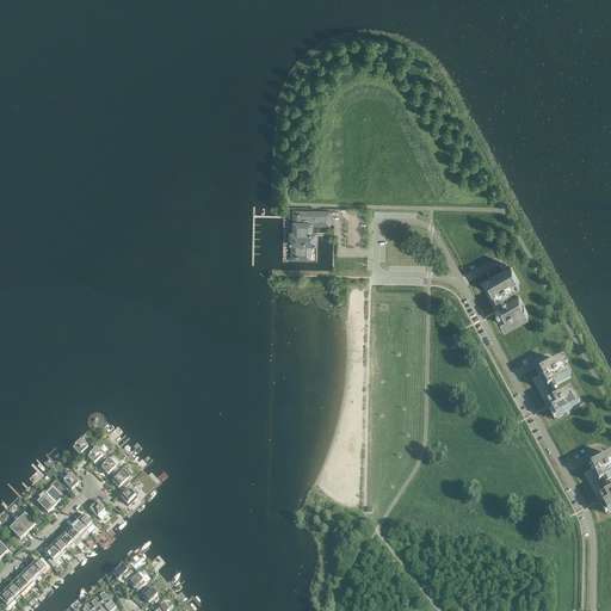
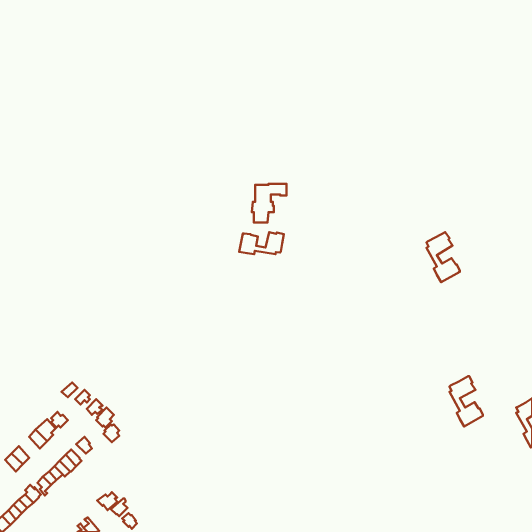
building: none -> [239,232,284,254]
building: [538,359,576,416] -> [449,376,483,426]

